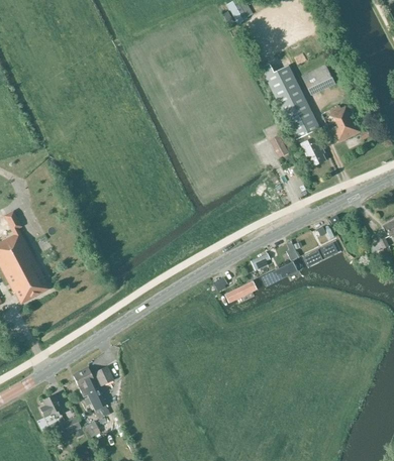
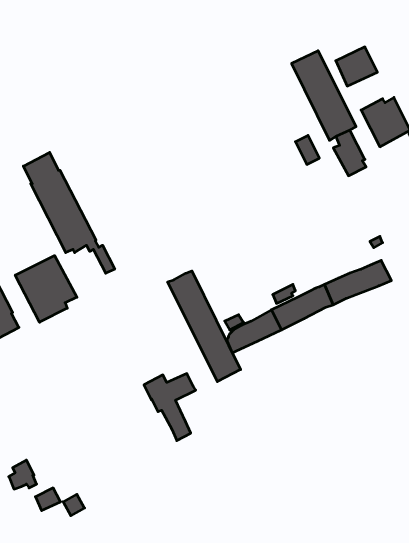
building: none -> [23,152,115,273]
building: none -> [15,256,77,322]
building: none -> [168,271,241,382]
building: [73,366,114,420] -> [144,374,196,441]

